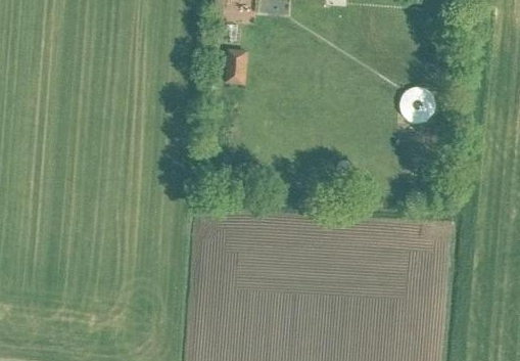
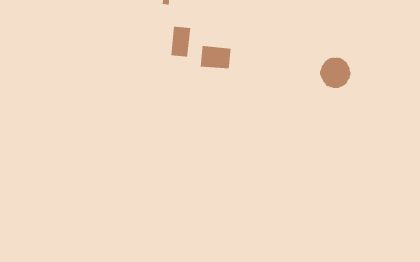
building: none -> [200,45,231,69]

